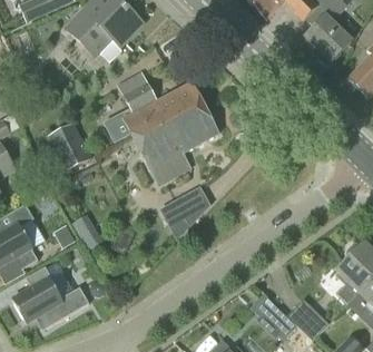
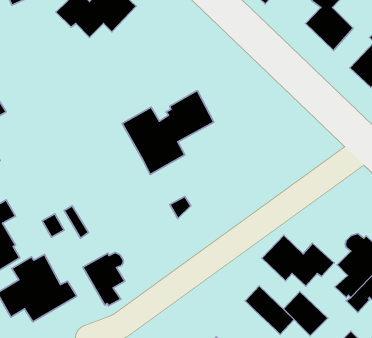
building: [104,67,203,143] -> none
building: [46,119,91,168] -> none
building: none -> [262,235,334,286]
building: none -> [83,253,125,306]

